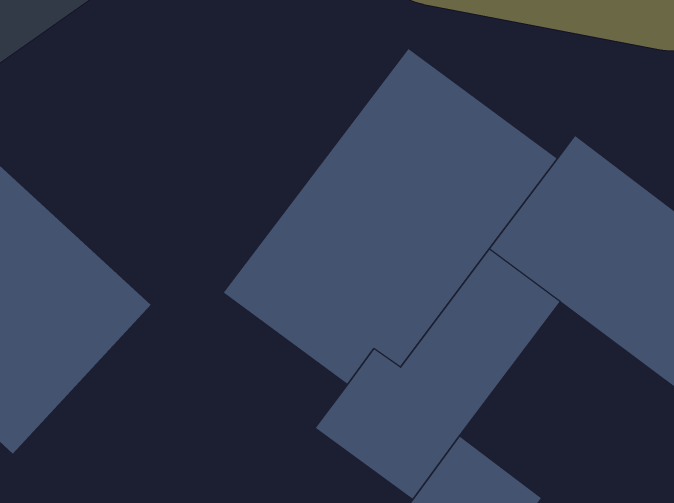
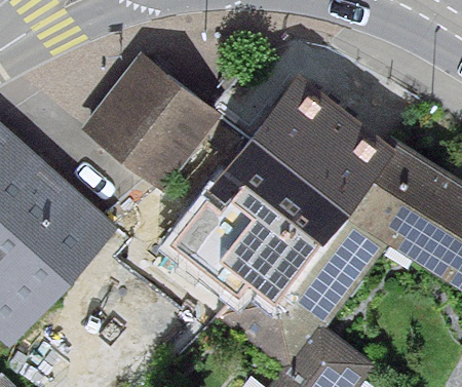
building: none -> [90,57,221,189]

